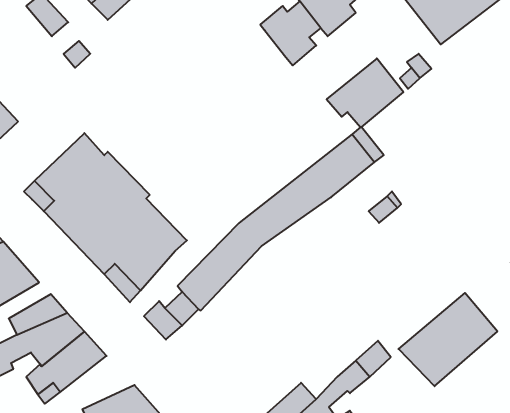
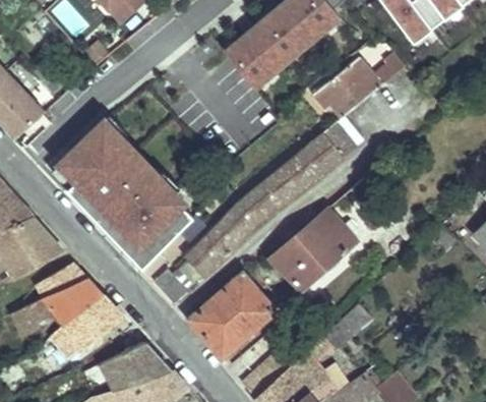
building: none -> [226,33,279,89]
building: [398,293,497,386] -> [270,209,357,290]
building: none -> [189,274,276,358]

